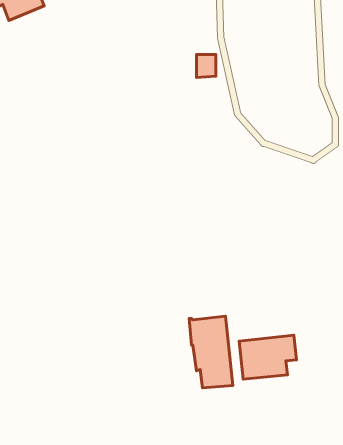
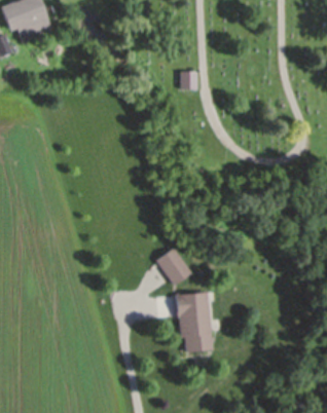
building: none -> [156,248,191,285]
building: [239,335,297,379] -> none

